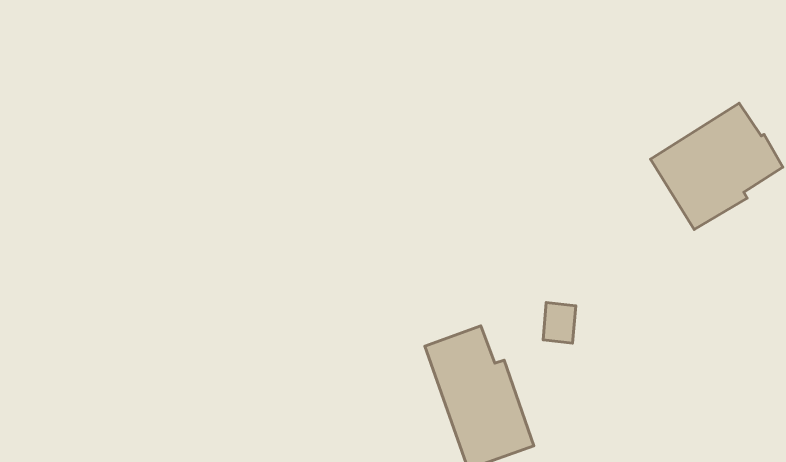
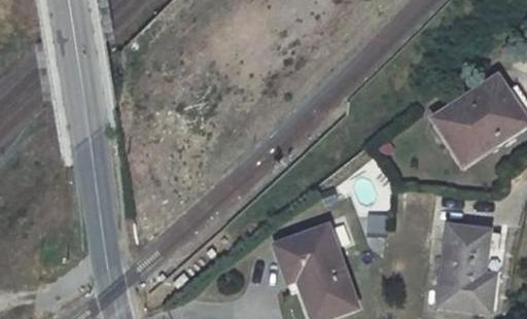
building: none -> [438,226,505,311]

